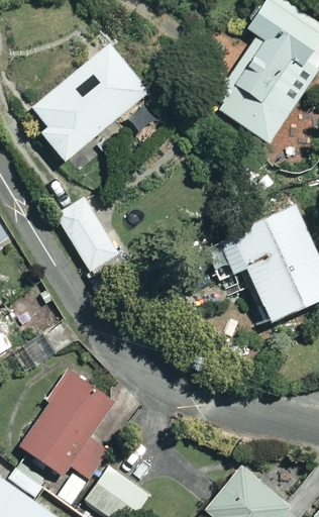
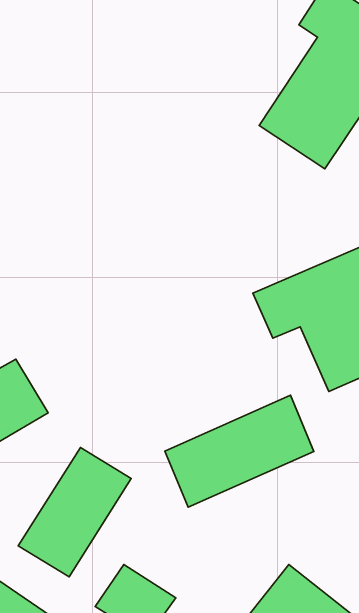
building: [36,45,152,165] -> none
building: [57,197,122,276] -> none
building: none -> [165,395,314,507]

